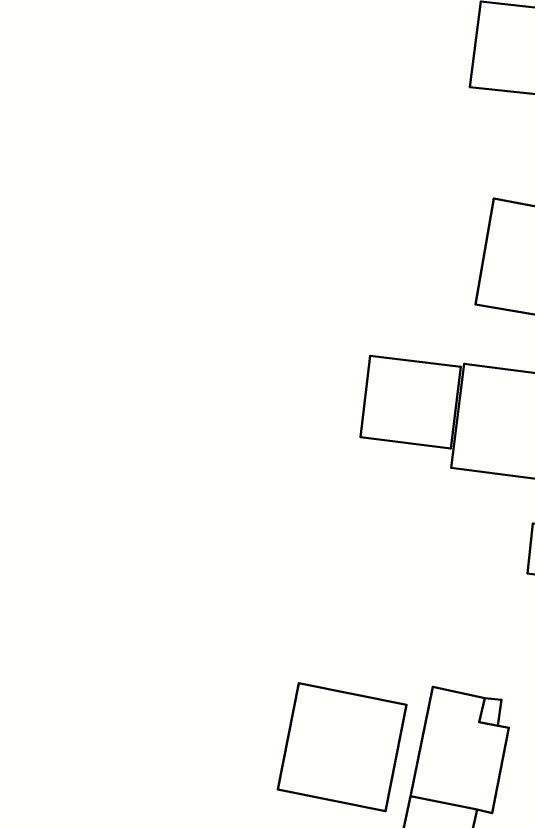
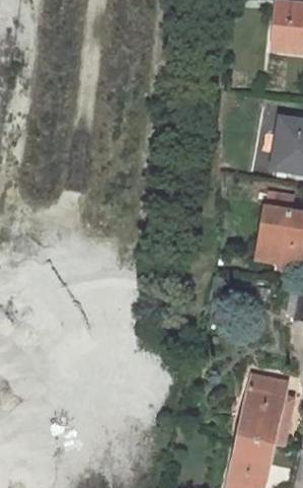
building: [361,356,461,448] -> none
building: [278,683,406,811] -> none

